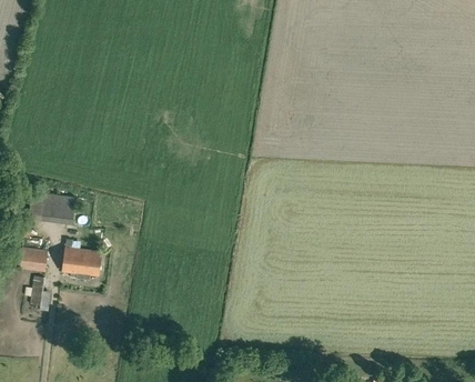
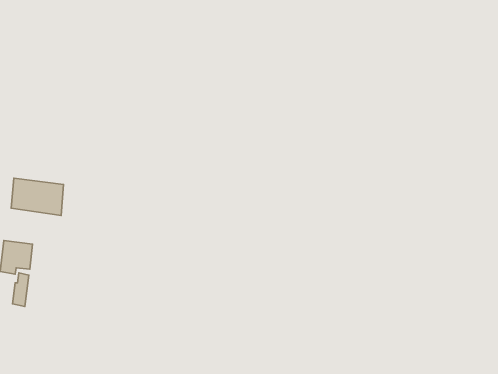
building: [62,240,102,277] -> none

